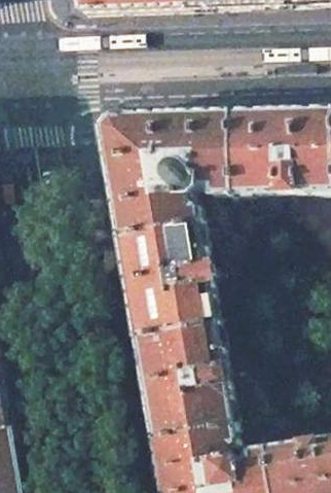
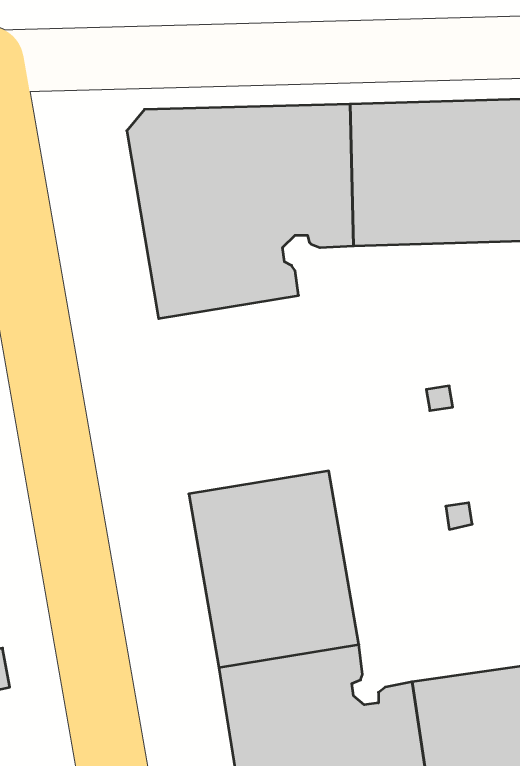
building: [113,218,212,333] -> none

